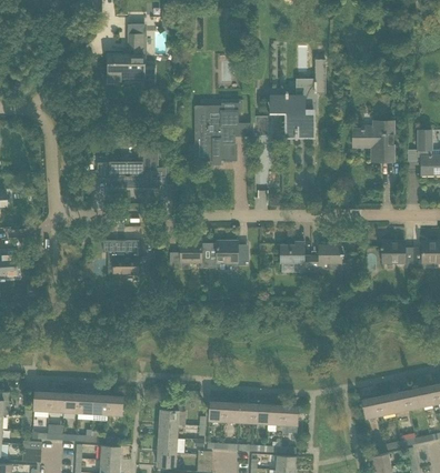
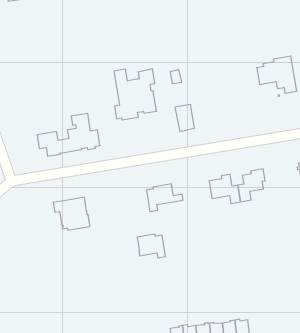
building: [109,34,147,81] -> none
building: [269,59,326,139] -> none
building: [180,241,209,268] -> [137,234,166,258]

